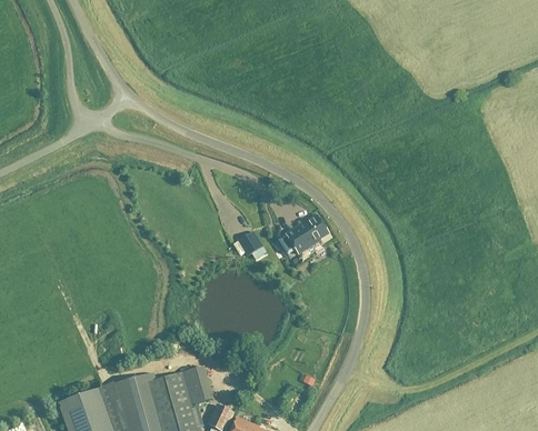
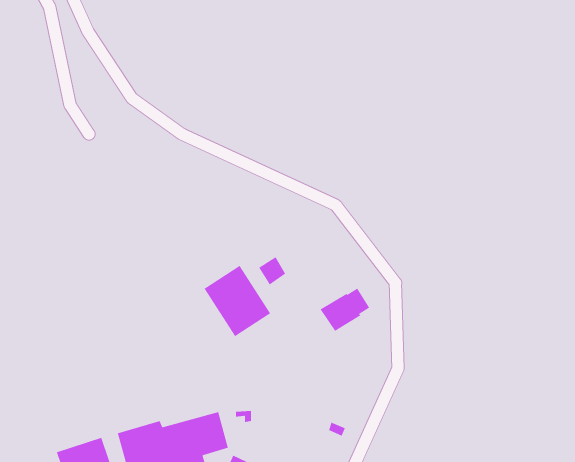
building: [285,214,329,253] -> [319,287,370,332]
building: none -> [203,265,271,337]

